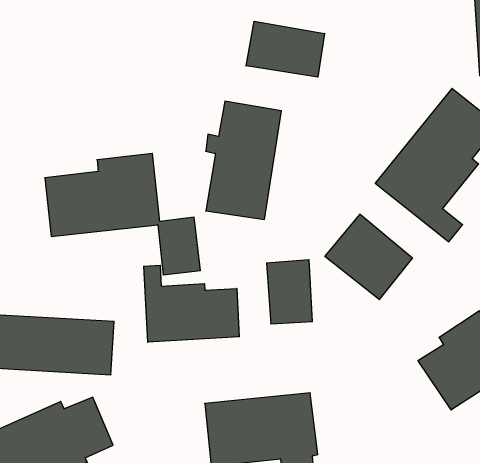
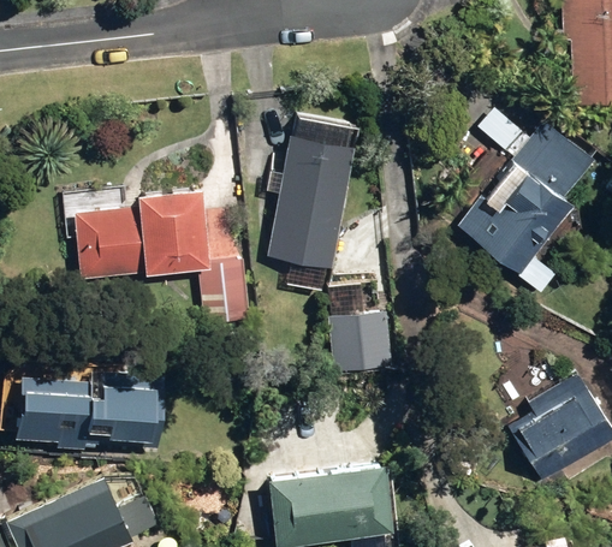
building: [246,21,325,77] -> none
building: [325,214,412,300] -> none
building: [144,265,239,342] -> none

